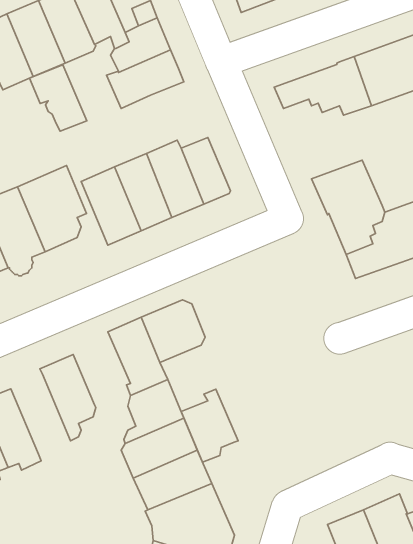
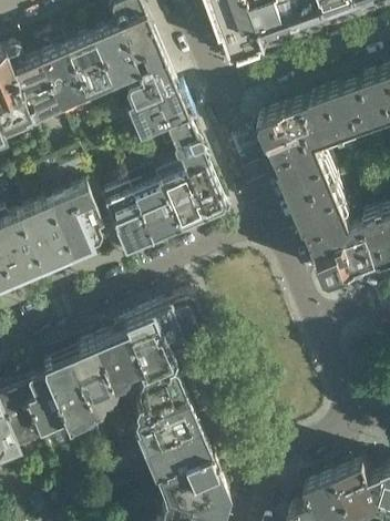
building: [29,65,87,131] -> [158,116,206,172]
building: none -> [269,131,335,197]
building: none -> [42,356,92,427]
building: [181,389,238,462] -> [94,325,142,386]

